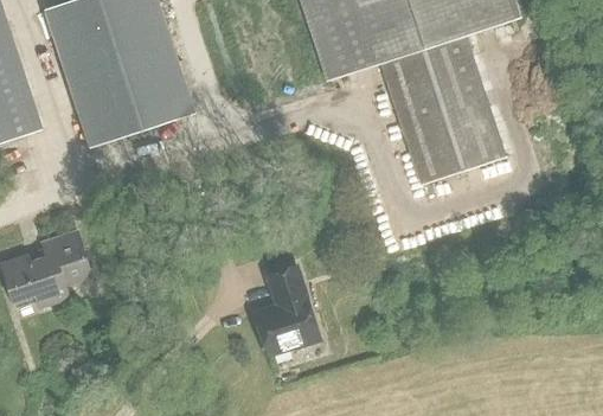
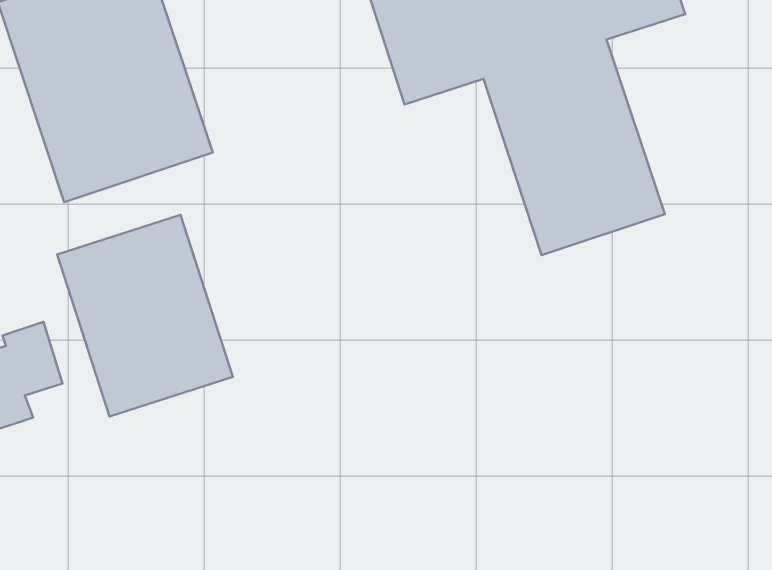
building: none -> [57,215,233,416]
building: [255,264,319,353] -> none

